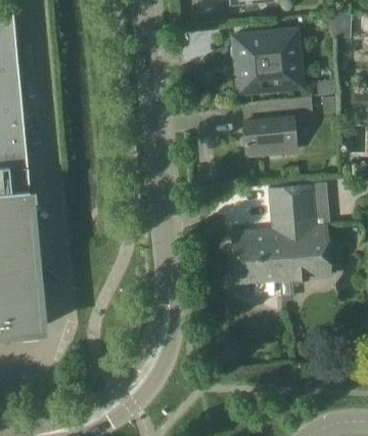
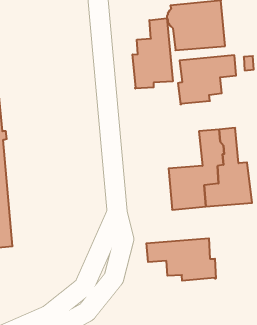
building: none -> [133,18,173,89]
building: none -> [146,238,216,281]

